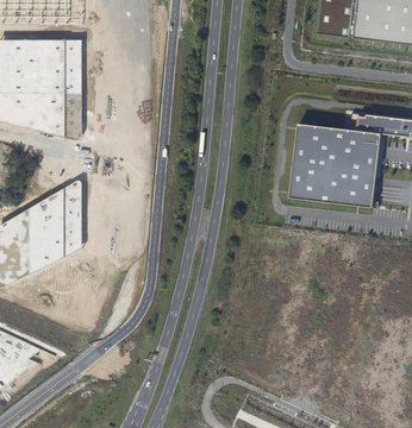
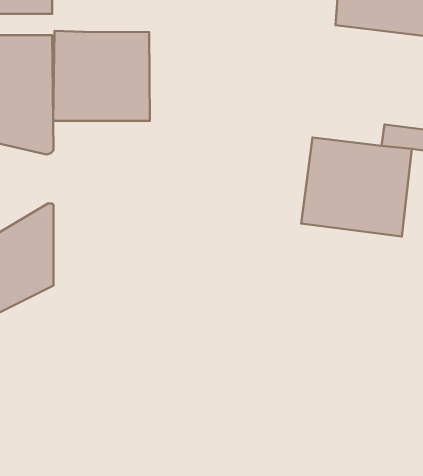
building: none -> [53,31,150,121]

